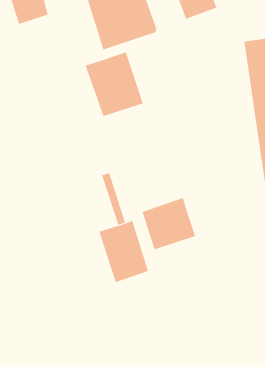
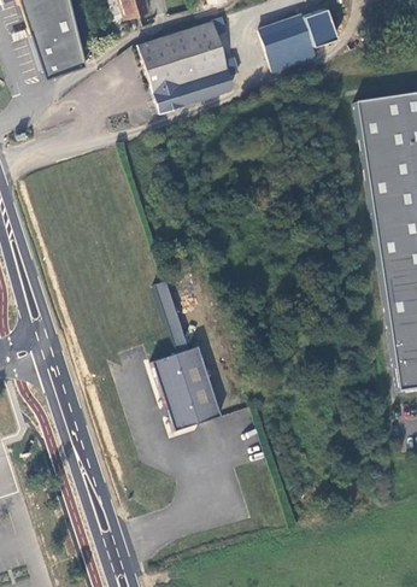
building: [85,52,143,117] -> none
building: [142,197,196,250] -> none

